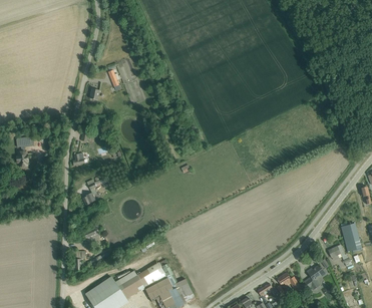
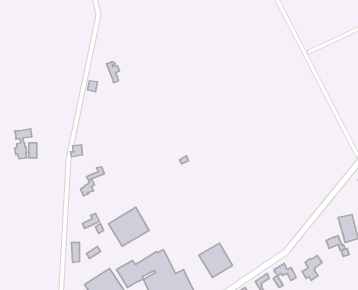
building: none -> [109,207,149,246]
building: none -> [199,243,233,278]

